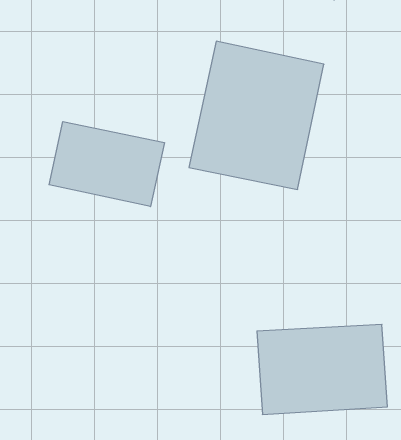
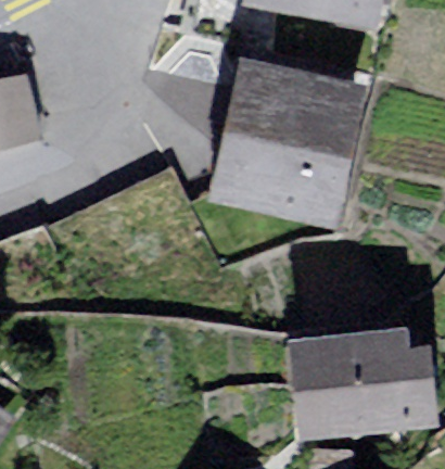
building: [49,122,164,207] -> none

